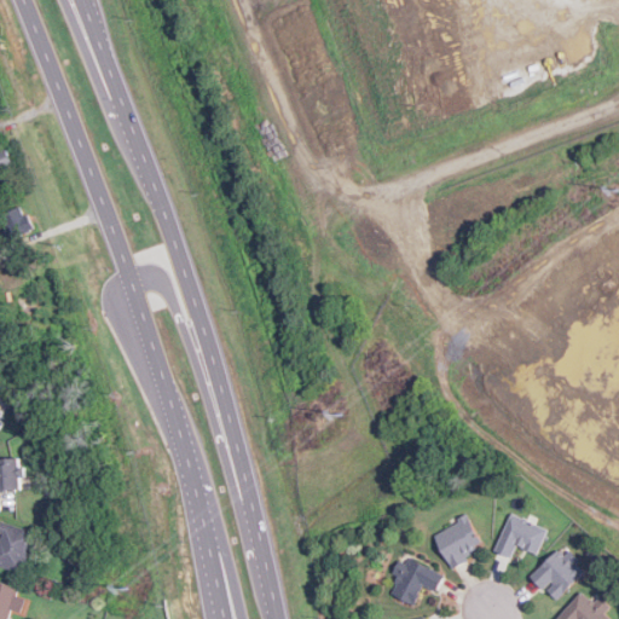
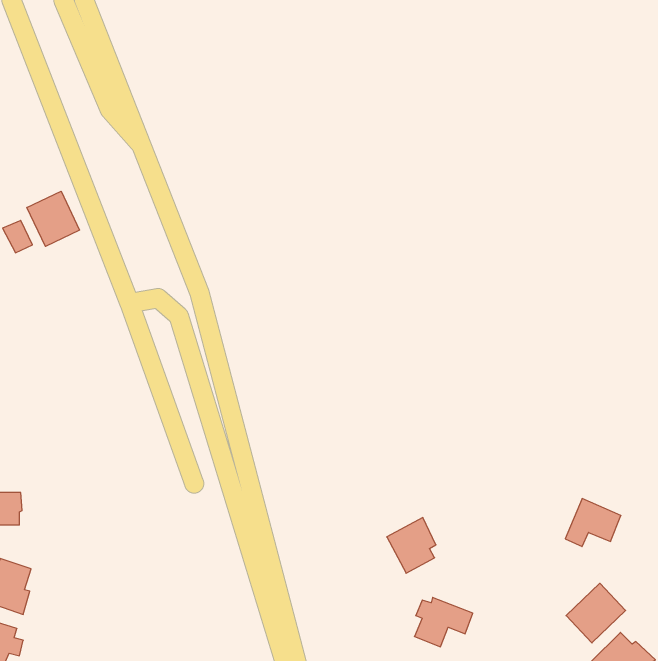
building: none -> [27,191,80,246]
building: [492,514,544,559] -> [565,499,621,547]
building: [430,516,476,568] -> [387,518,436,573]

